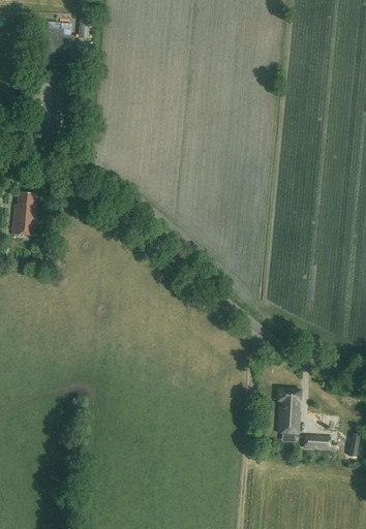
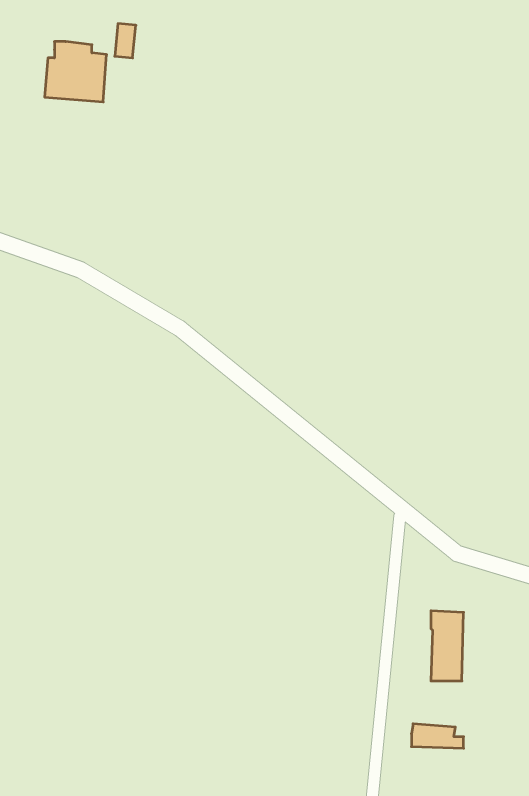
building: [11,192,37,236] -> none
building: [303,434,336,449] -> [411,724,464,748]

